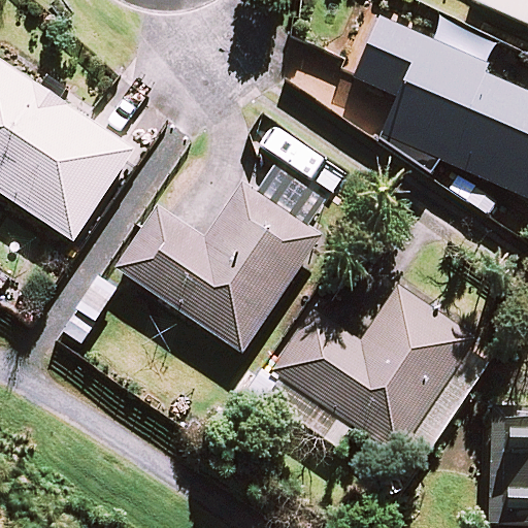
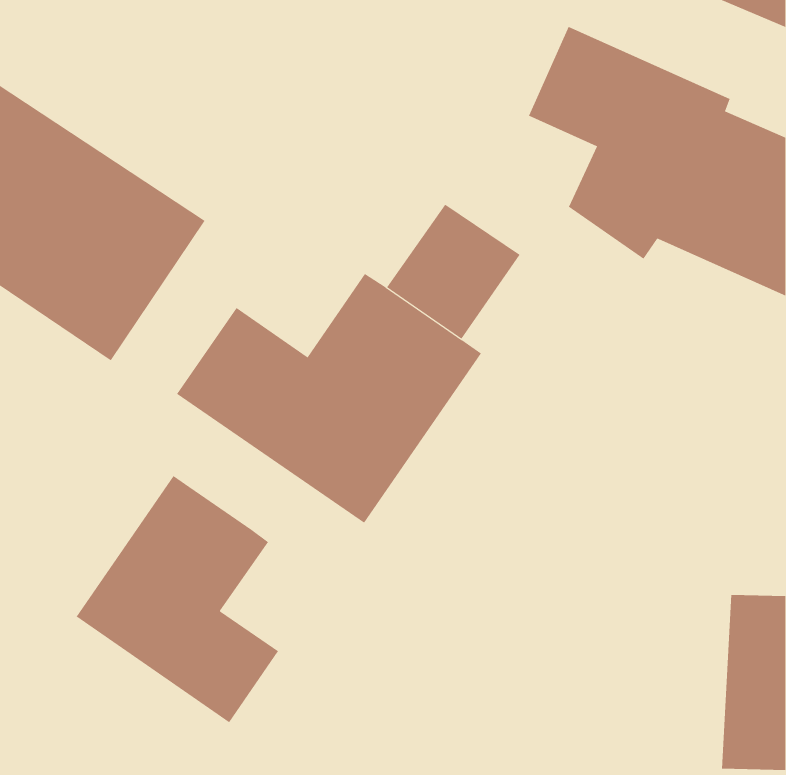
building: [271,284,476,454] -> none
building: none -> [76,475,279,723]

